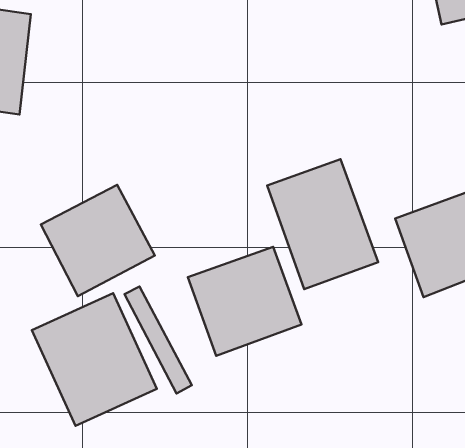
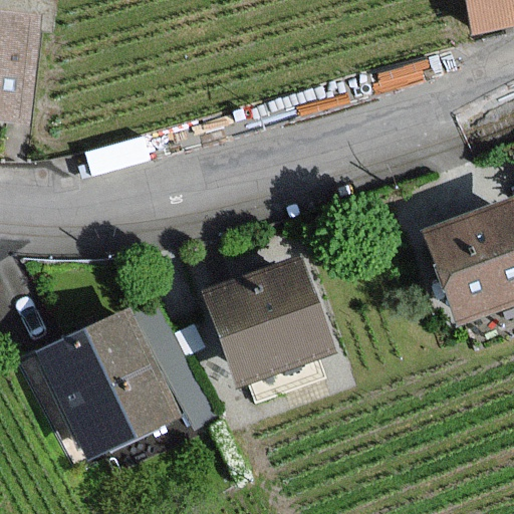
building: [267,159,378,289] -> none
building: [41,185,155,296] -> none

